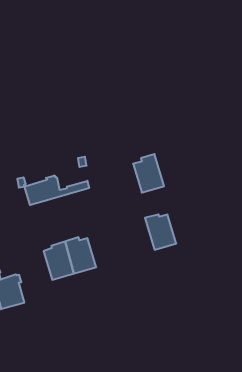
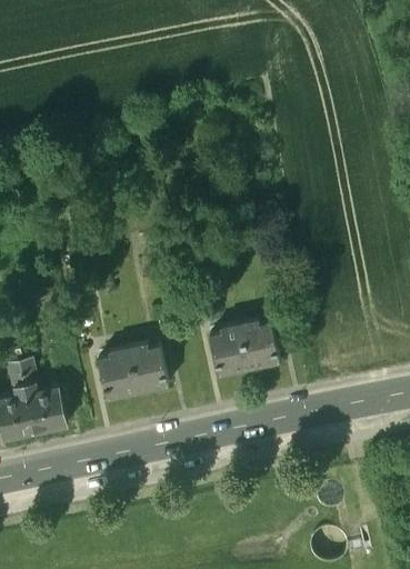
building: [133,154,164,193] -> [209,325,249,376]
building: [24,175,89,205] -> none

